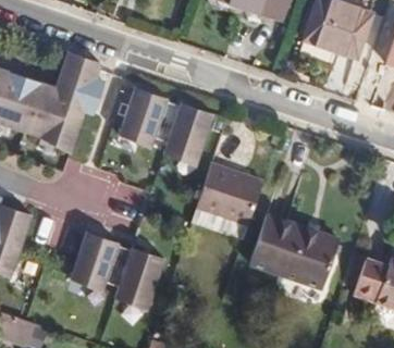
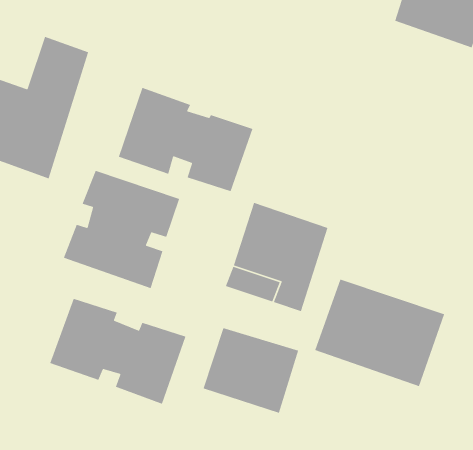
building: none -> [63,170,180,289]
building: none -> [203,327,299,414]

